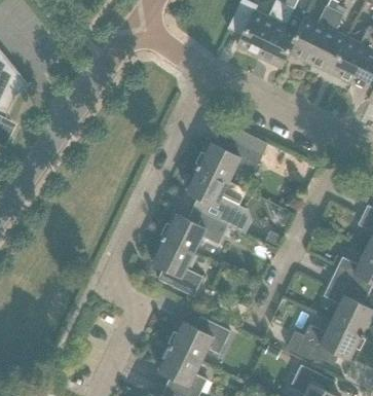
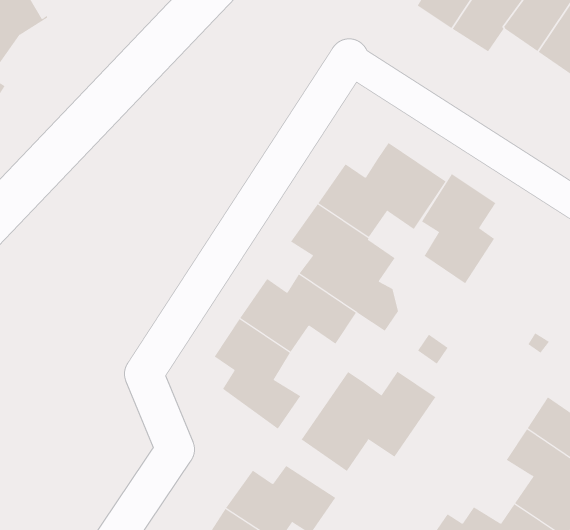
building: none -> [421,173,496,284]
building: none -> [301,371,436,472]

